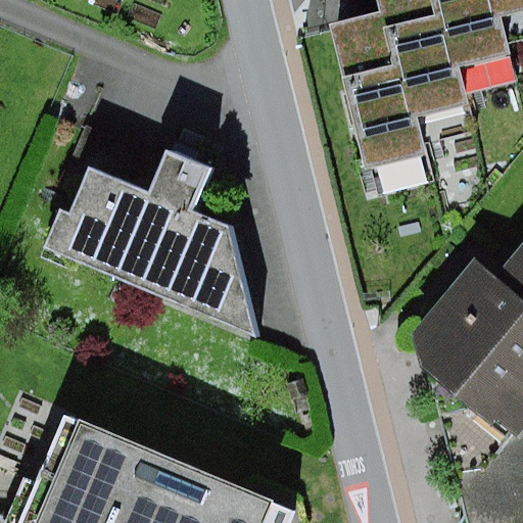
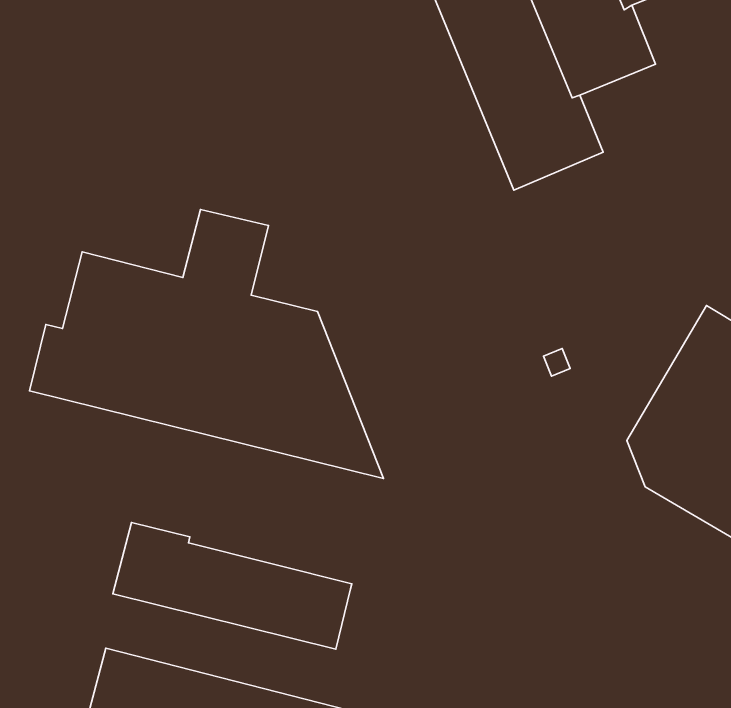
building: none -> [113,522,352,649]

